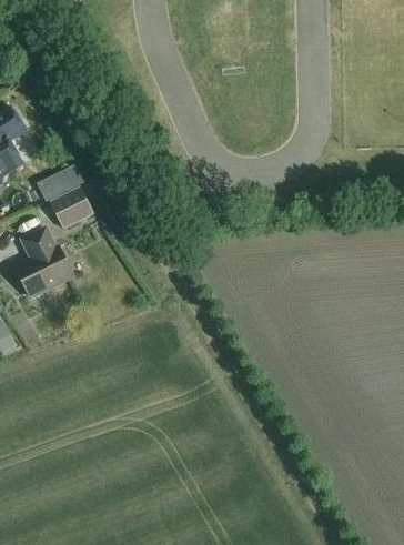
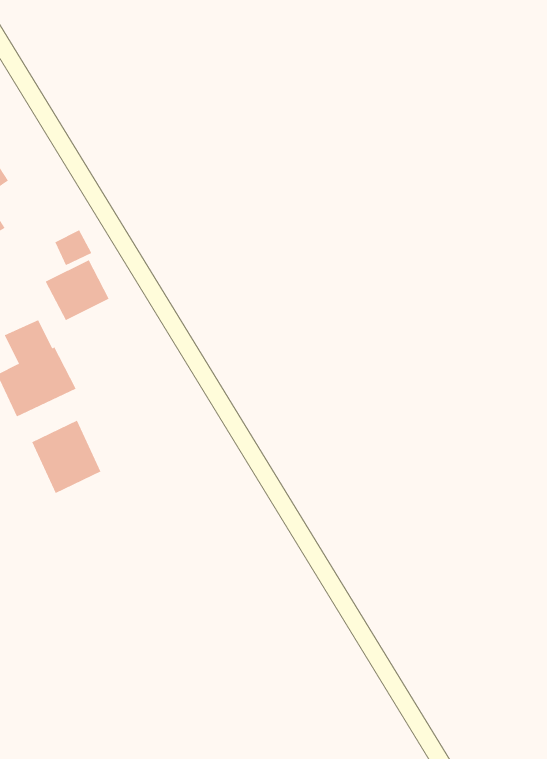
building: none -> [32,420,101,494]

